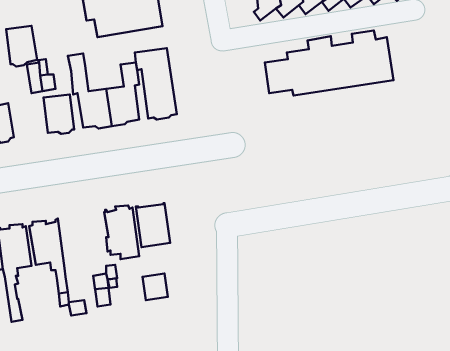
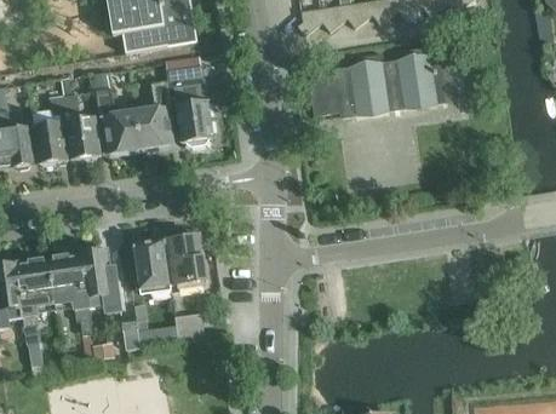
building: [6,26,37,66] -> [33,120,67,165]
building: none -> [81,246,120,312]

